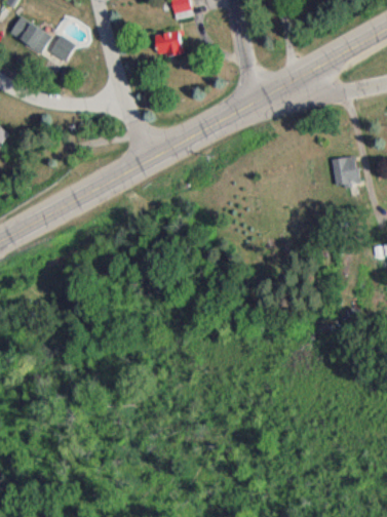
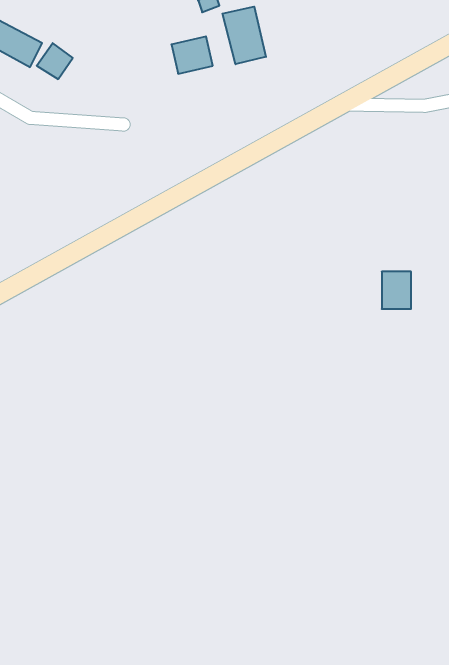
building: none -> [222,7,266,64]
building: [335,156,357,185] -> [382,272,411,309]

